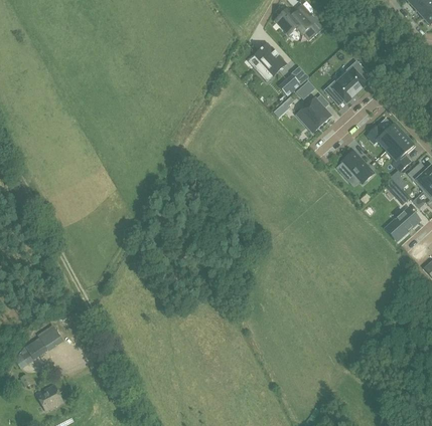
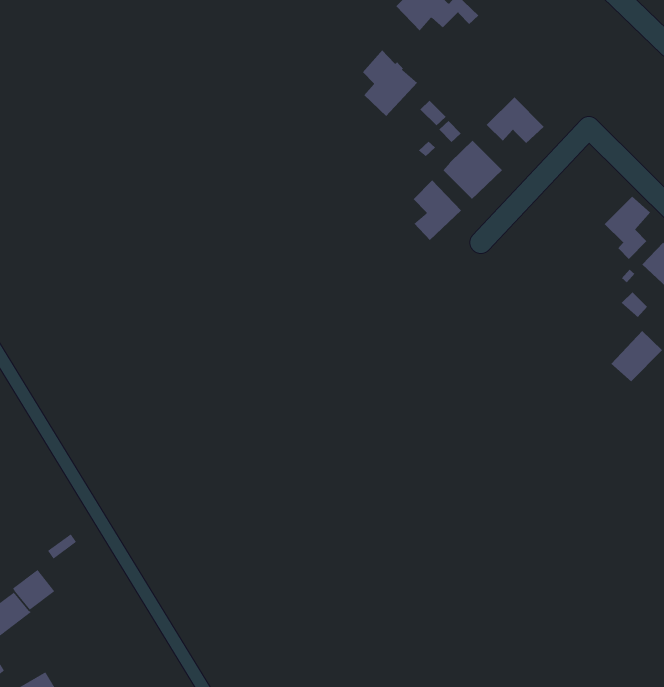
building: [340,59,367,91] -> none
building: none -> [413,179,462,241]
building: [368,123,404,149] -> none
building: [336,150,374,182] -> none

